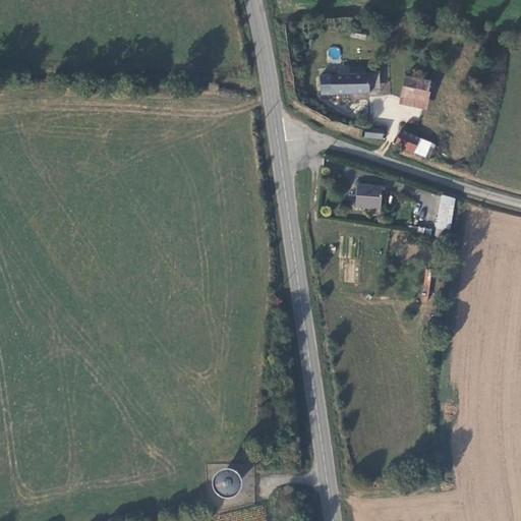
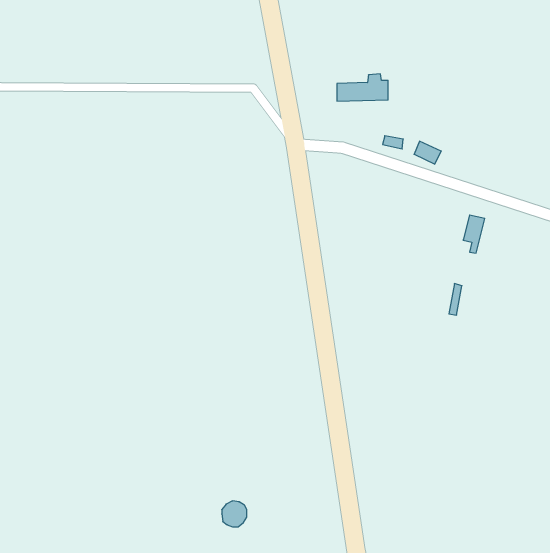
building: [400,79,428,108] -> none
building: [355,186,382,208] -> none

